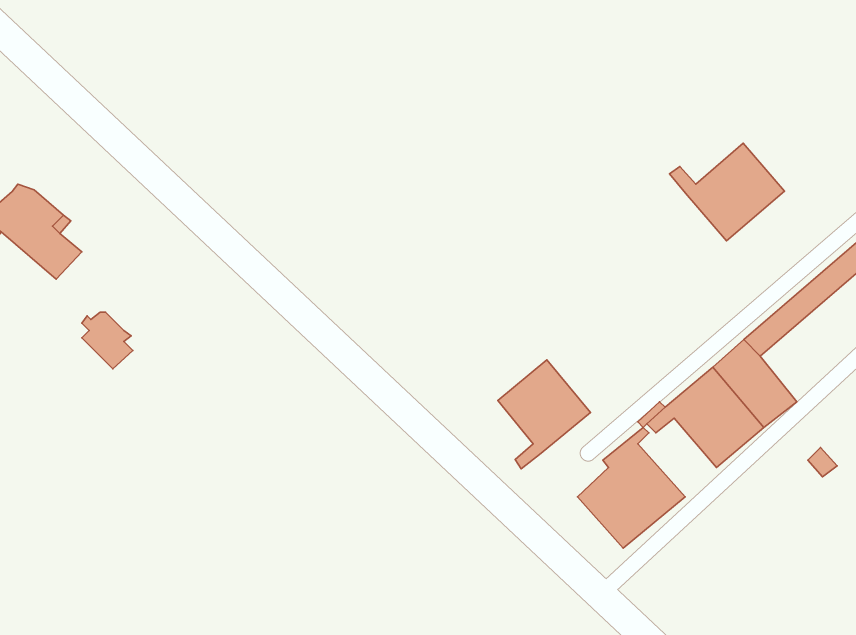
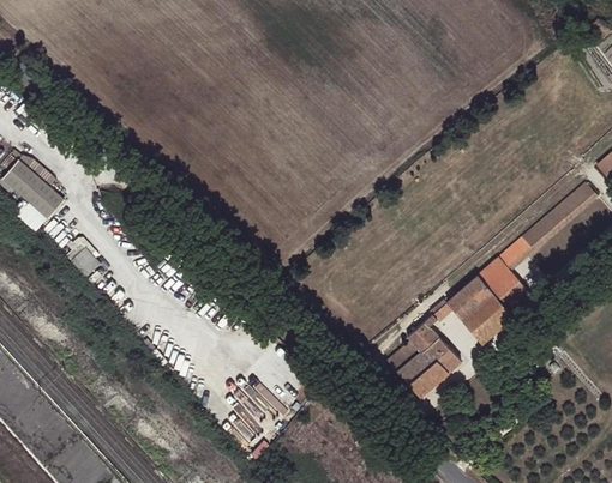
building: [670,143,784,241] -> none
building: [498,360,590,469] -> none

